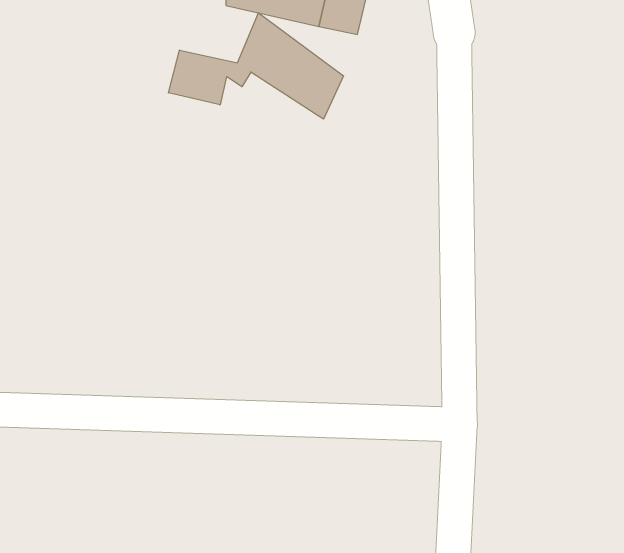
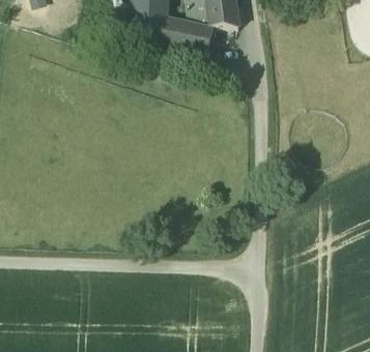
building: [168,13,344,119] -> none

